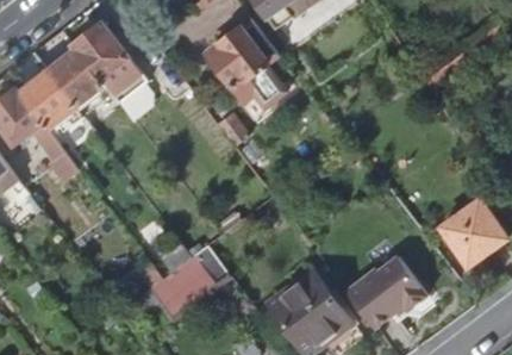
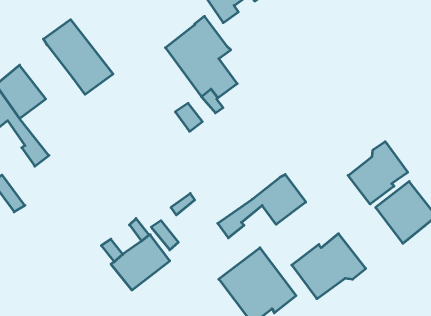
building: [46,49,105,123] -> none
building: none -> [348,142,408,204]
building: none -> [218,174,306,238]

